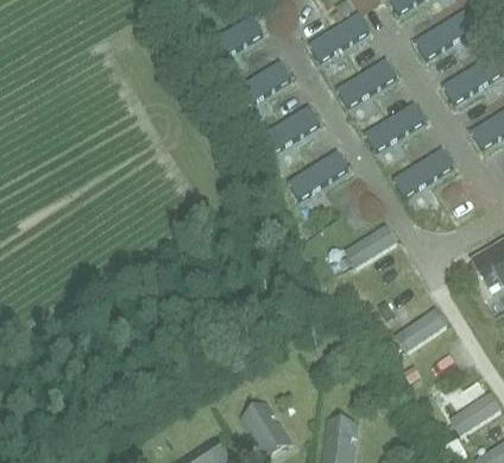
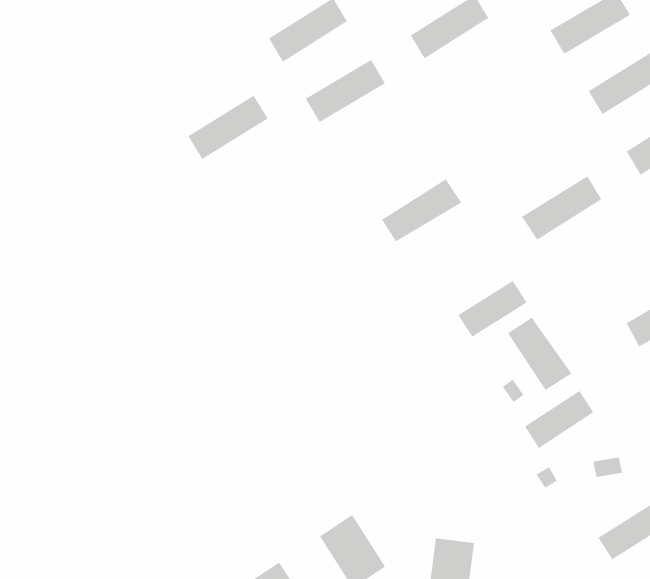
building: [336,58,396,106] -> none
building: [364,102,424,150] -> none
building: [259,105,320,154] -> [187,95,268,160]
building: none -> [507,317,572,391]

